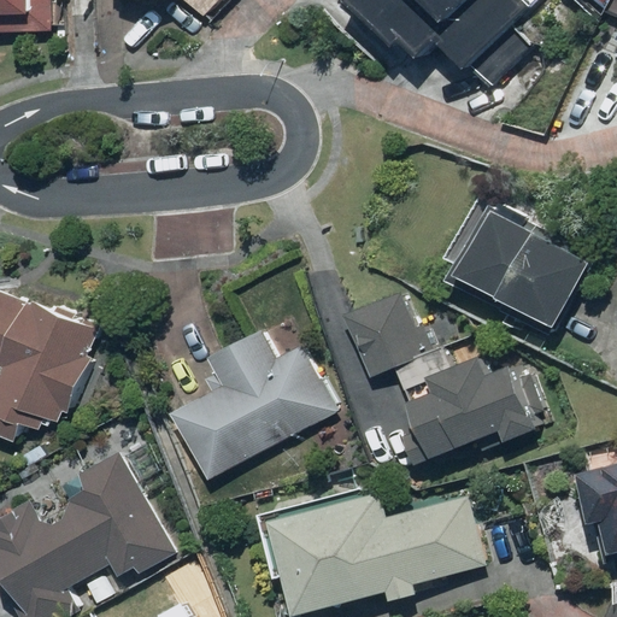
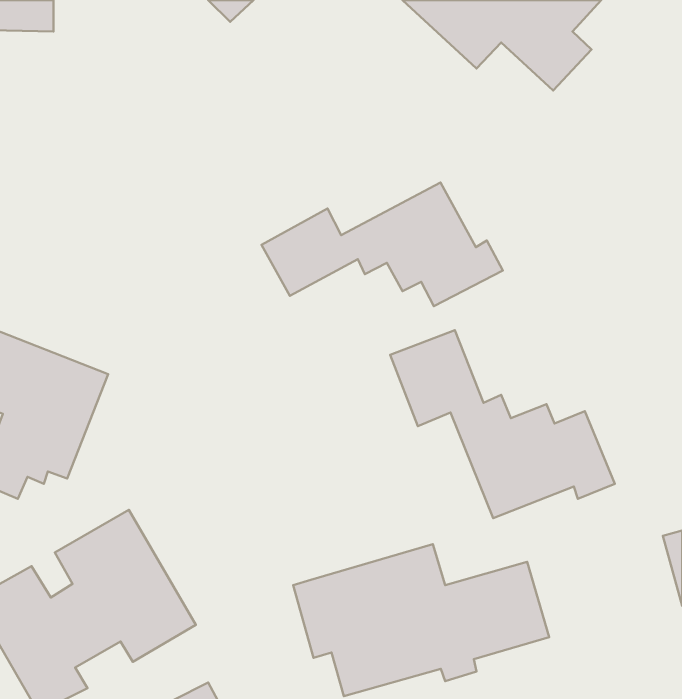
building: none -> [261,183,503,306]
building: [449,204,594,331] -> none
building: [174,331,334,478] -> none

